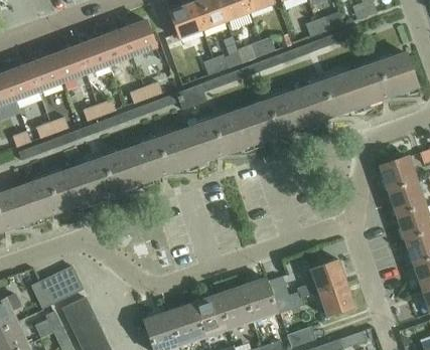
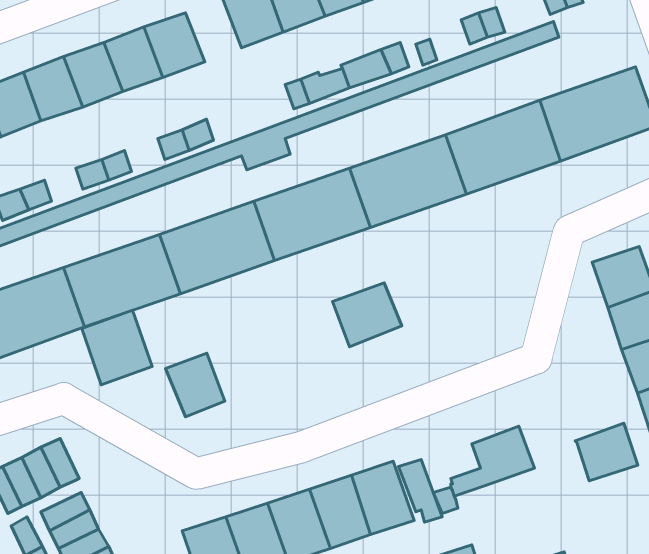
building: none -> [333,283,402,347]
building: none -> [82,310,152,385]
building: none -> [165,353,225,417]
building: [319,282,355,315] -> [575,423,638,481]

